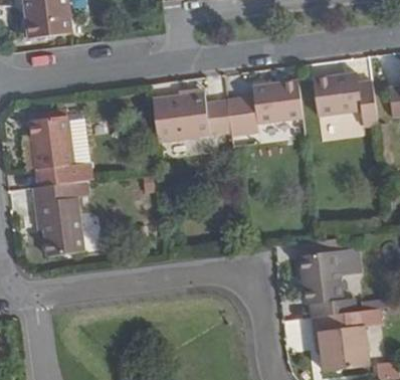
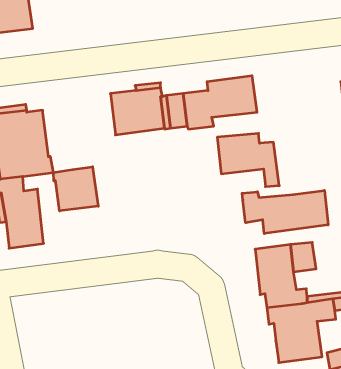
building: [314,73,377,128] -> [217,133,279,187]
building: none -> [53,167,98,211]
building: none -> [242,190,328,234]

